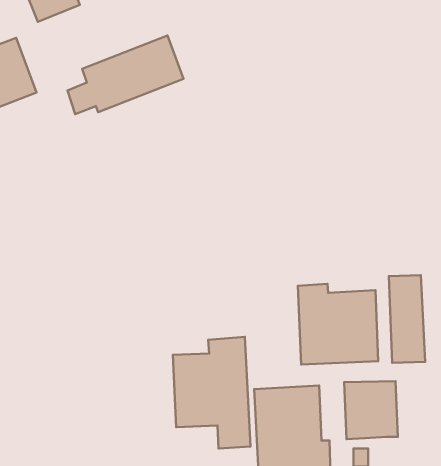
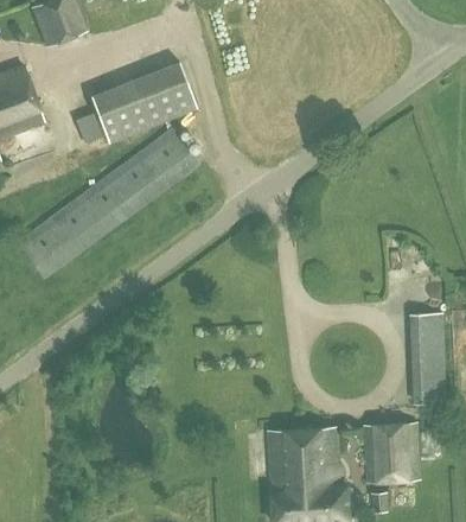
building: none -> [15,128,199,279]
building: [298,284,378,364] -> none
building: [173,337,251,448] -> none

